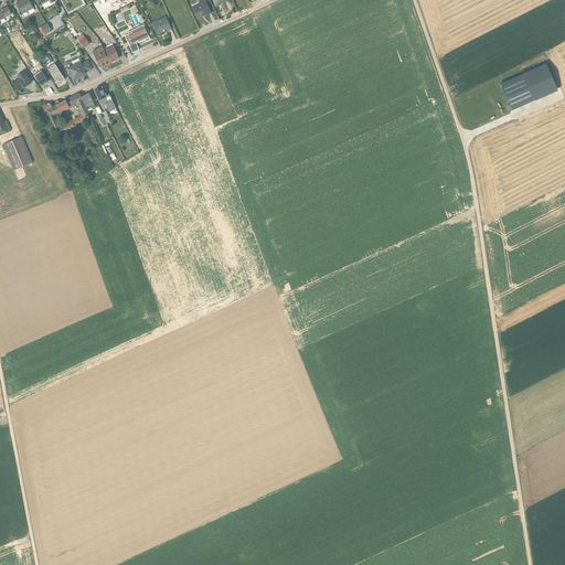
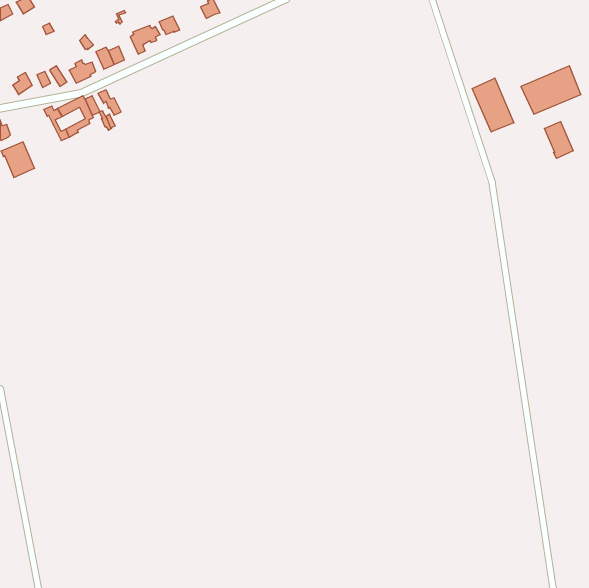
building: none -> [472,78,514,132]
building: none -> [544,122,573,158]

